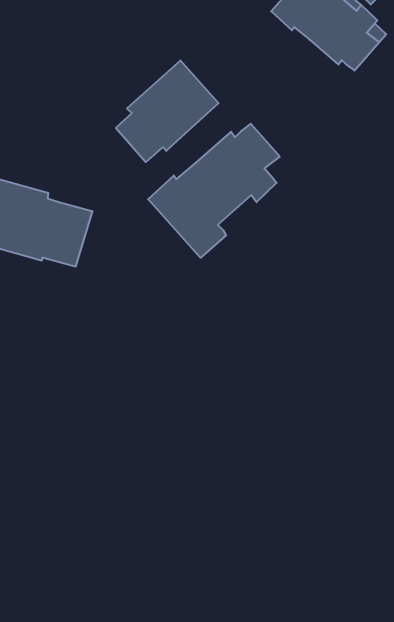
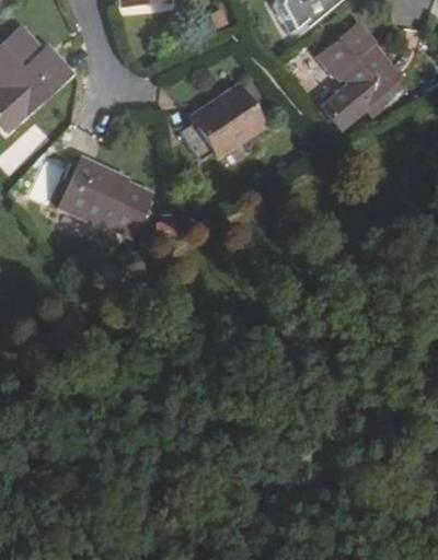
building: none -> [318,83,371,133]
building: [148,124,280,258] -> none

